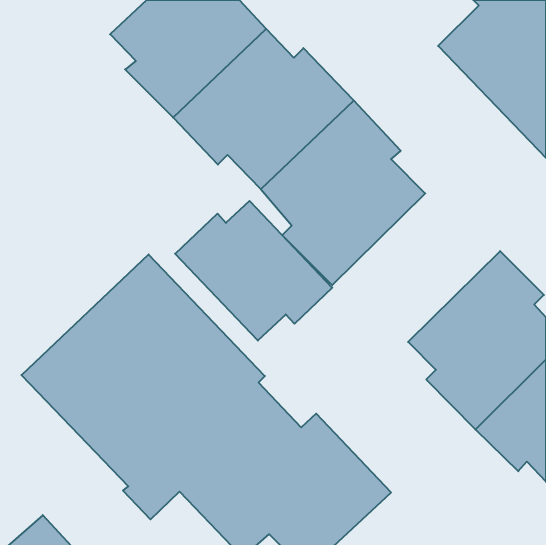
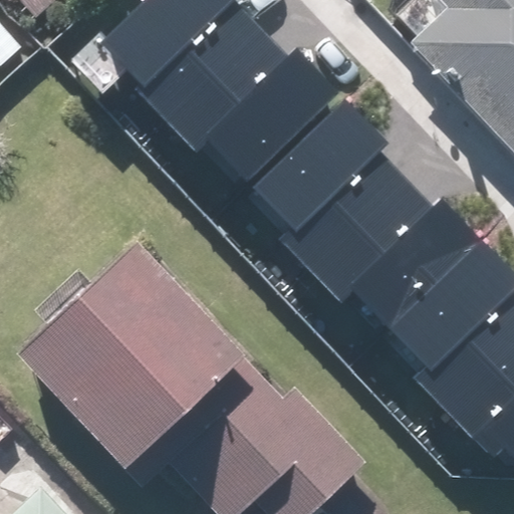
building: none -> [312,183,470,322]
building: [175,201,332,341] -> none

